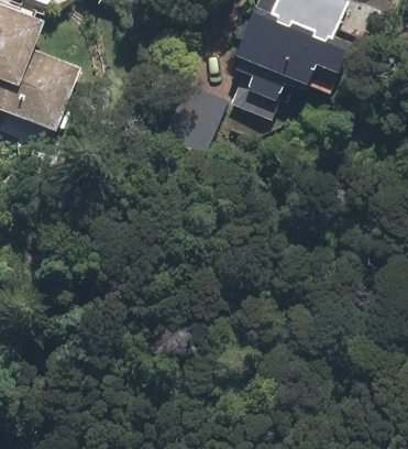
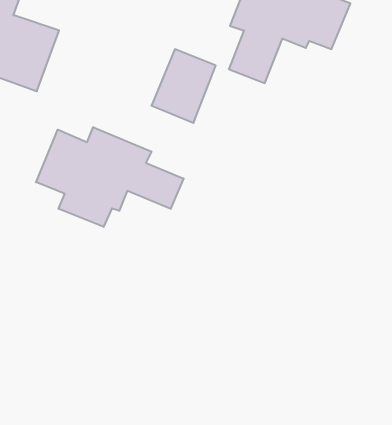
building: none -> [36,127,184,227]

